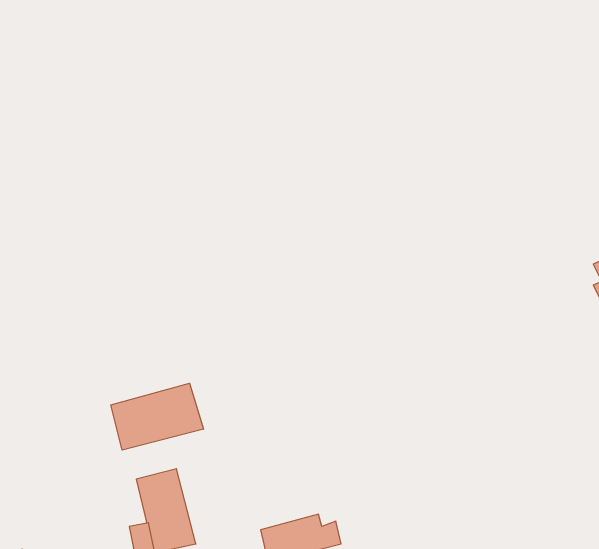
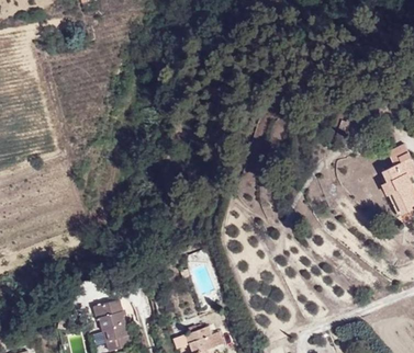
building: [111,383,203,450] -> none

